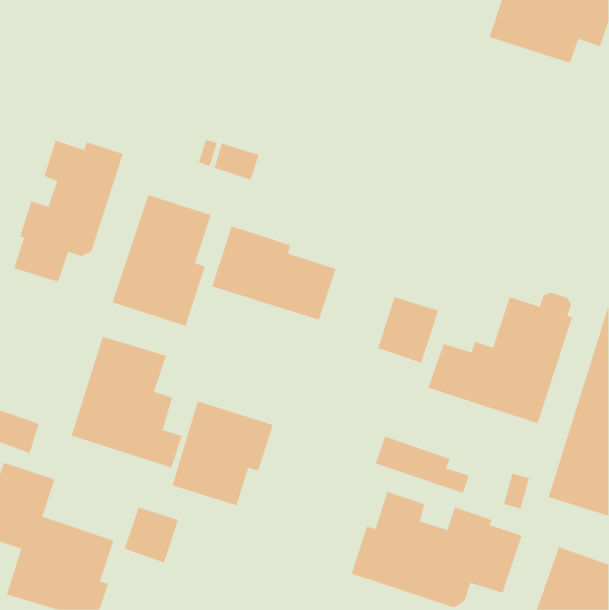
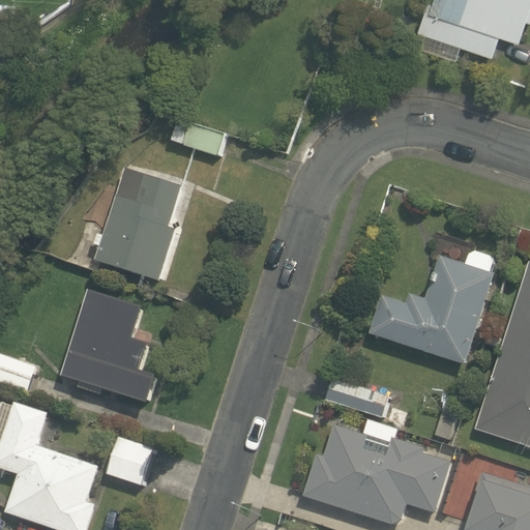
building: [14,140,123,283] -> none
building: [212,226,336,321] -> none
building: [378,297,439,363] -> none
building: [172,401,273,506] -> none

